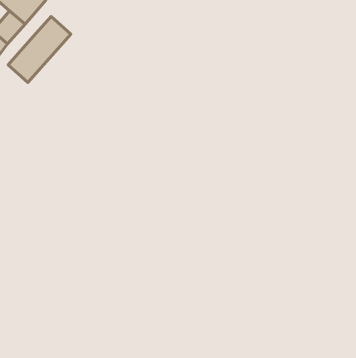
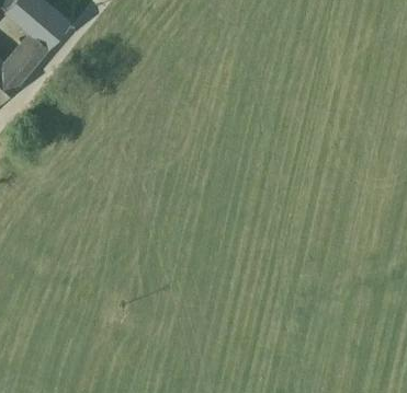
building: [8,16,71,83] -> none

